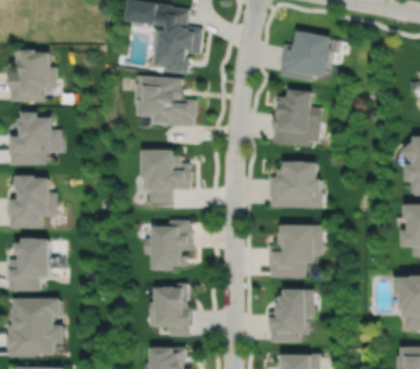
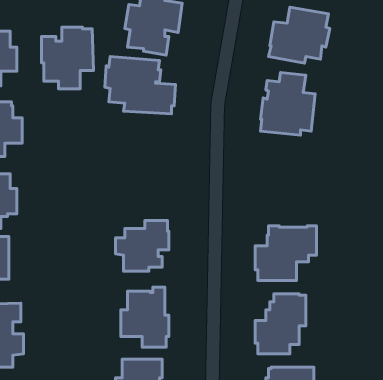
building: none -> [41,27,93,89]
building: [142,152,192,203] -> none
building: [269,164,323,209] -> none

